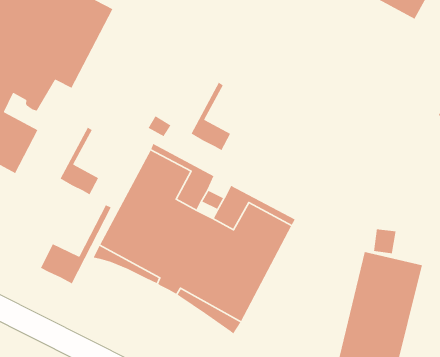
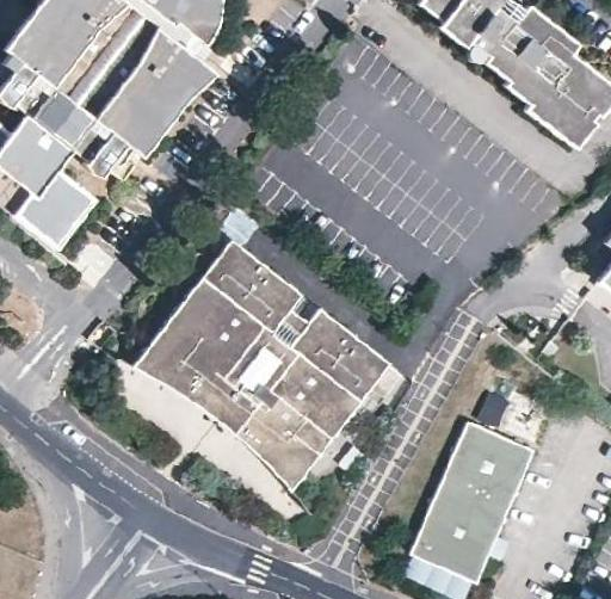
building: [191,82,231,151] -> none
building: [60,126,99,195] -> none
building: [40,204,112,284] -> none

